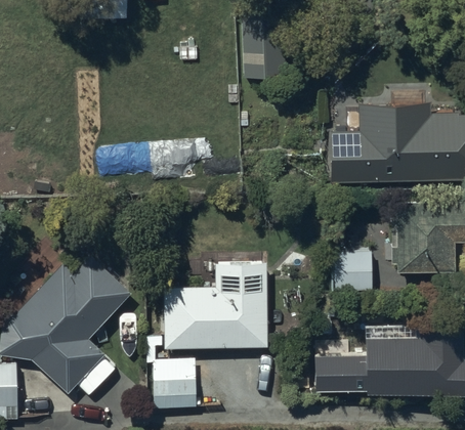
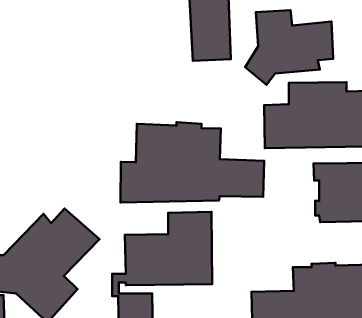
building: none -> [245,10,333,85]
building: none -> [121,122,264,202]
building: [331,245,371,291] -> none

